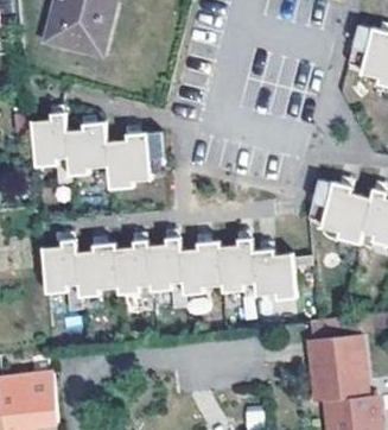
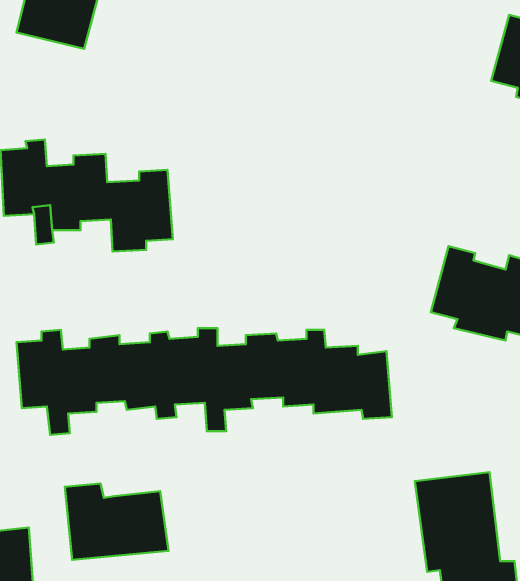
building: none -> [65,484,168,560]

